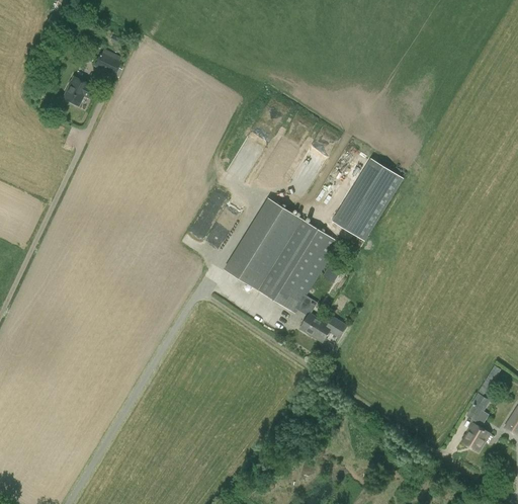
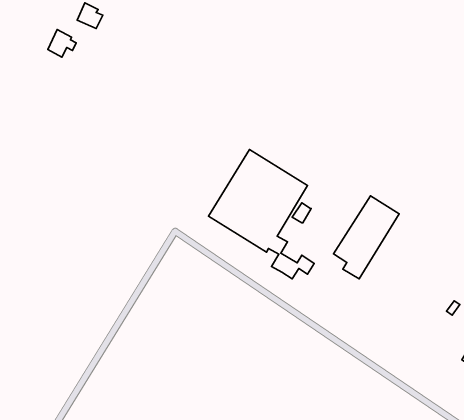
building: [331,158,401,246] -> [333,196,399,279]
building: [461,393,489,448] -> none

